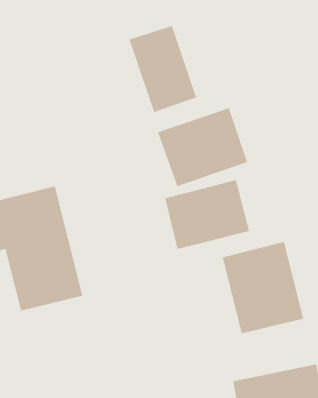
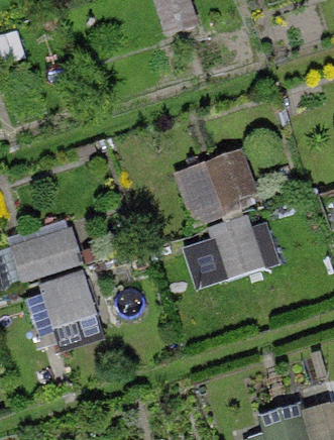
building: [129,25,197,113] -> none
building: [222,241,304,334] -> none

